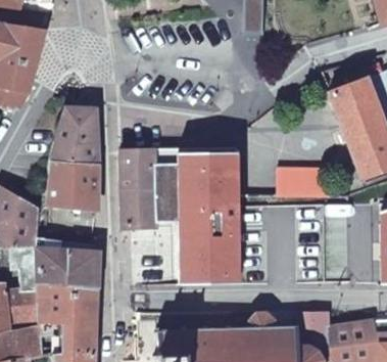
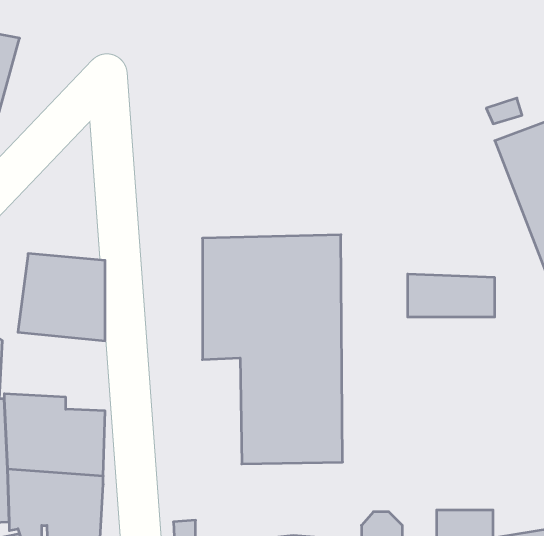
building: [51,108,97,163] -> none
building: [120,149,155,227] -> none

